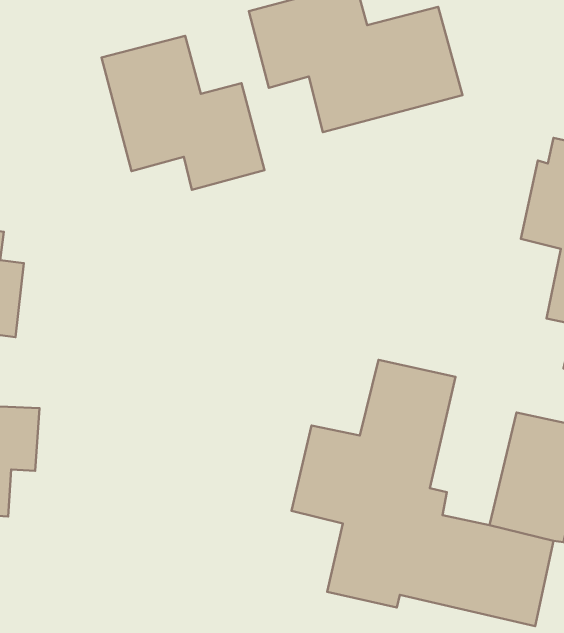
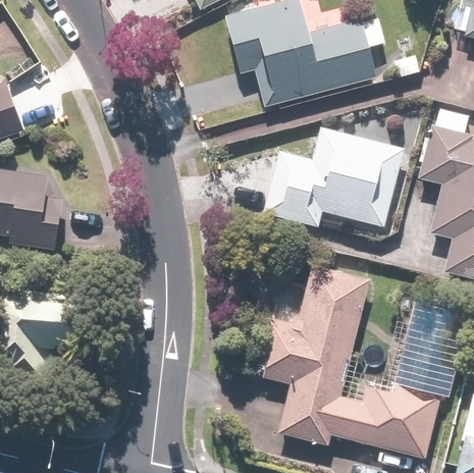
building: [101,36,264,190] -> none
building: none -> [263,127,405,228]

